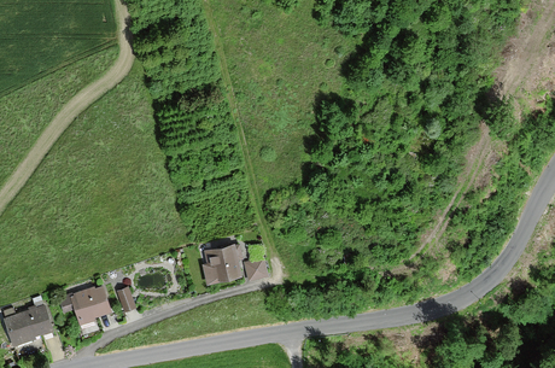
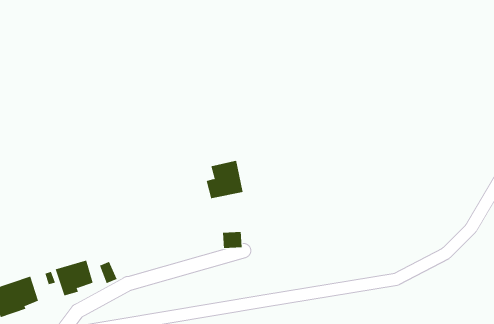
building: [201,244,241,285] -> [206,160,244,199]

